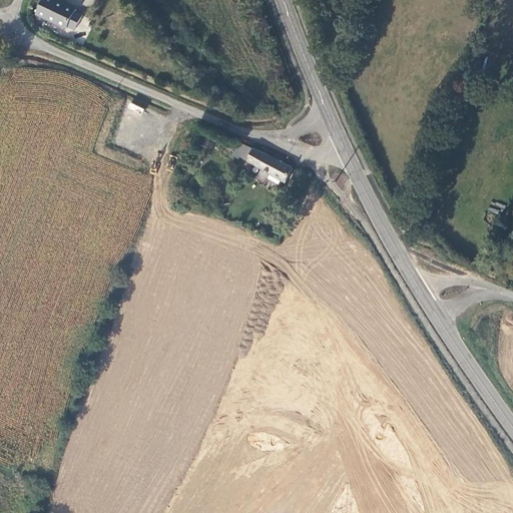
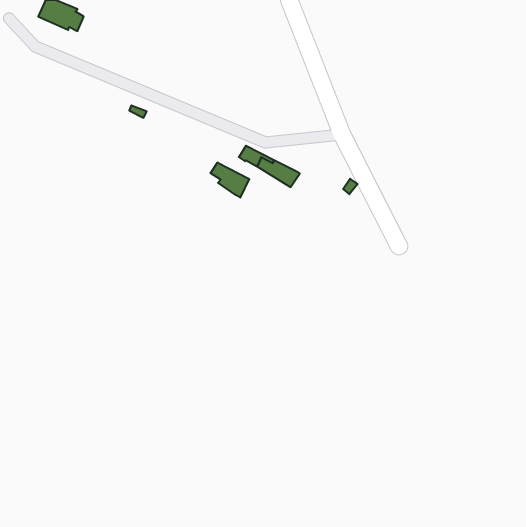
building: none -> [211,162,249,198]

